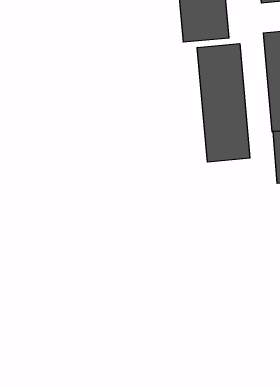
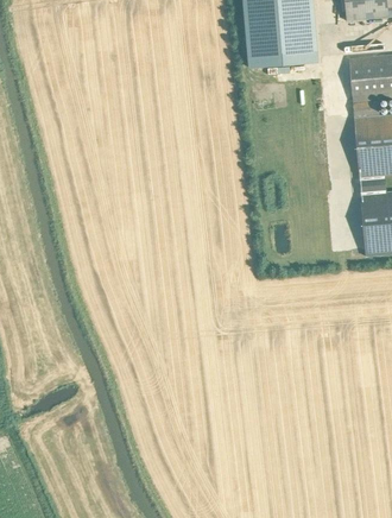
building: [197,44,250,162] -> none

